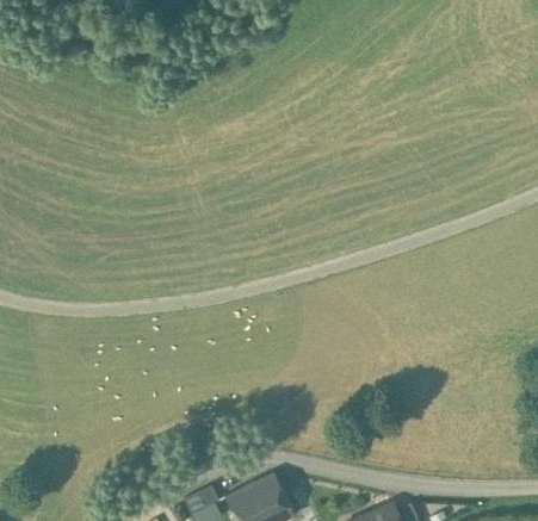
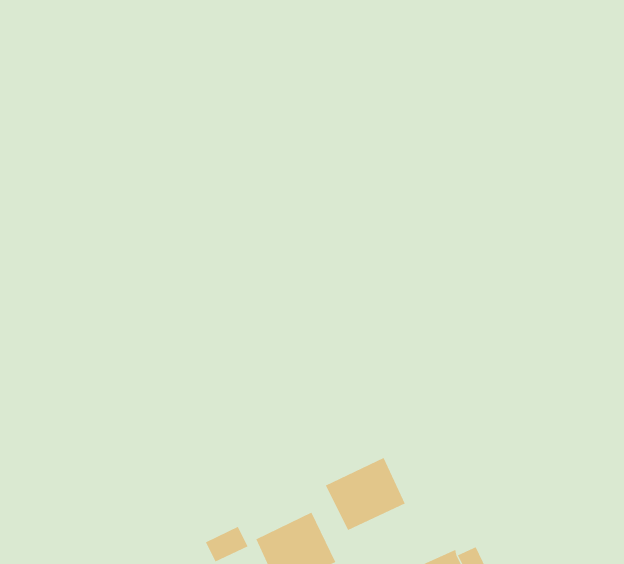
building: none -> [325,457,406,531]

